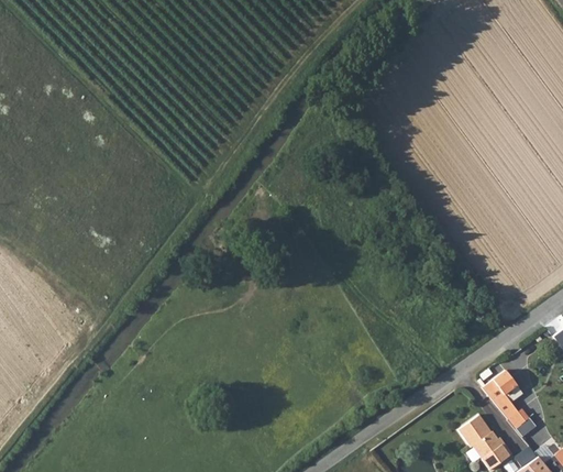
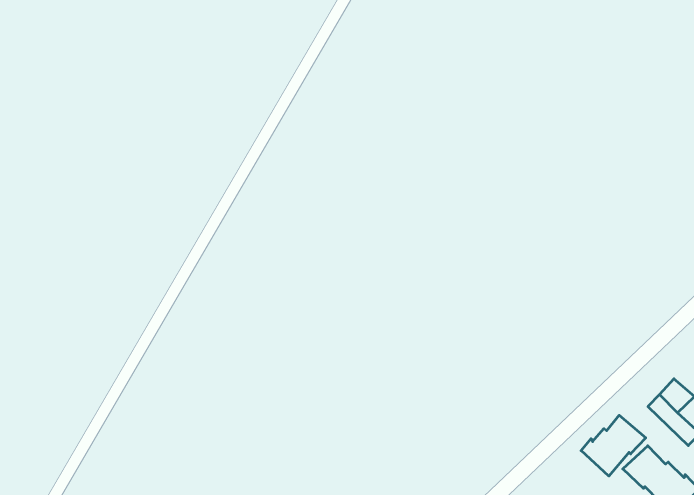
building: none -> [581,415,646,476]

